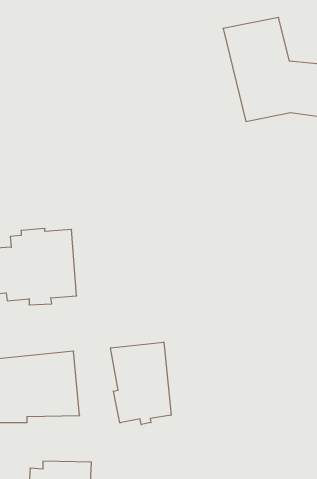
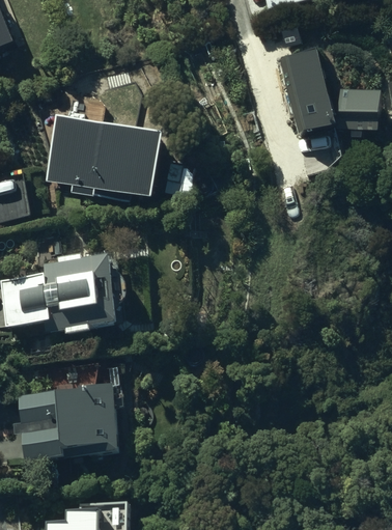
building: none -> [44,114,166,200]
building: [111,342,171,425] -> none

